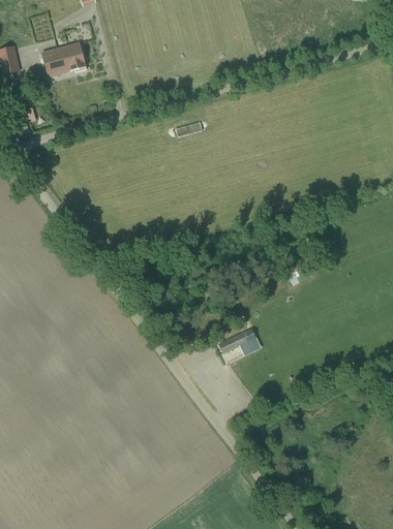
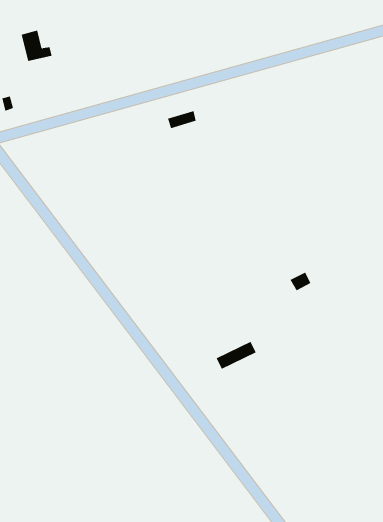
building: [57,40,86,70] -> none

